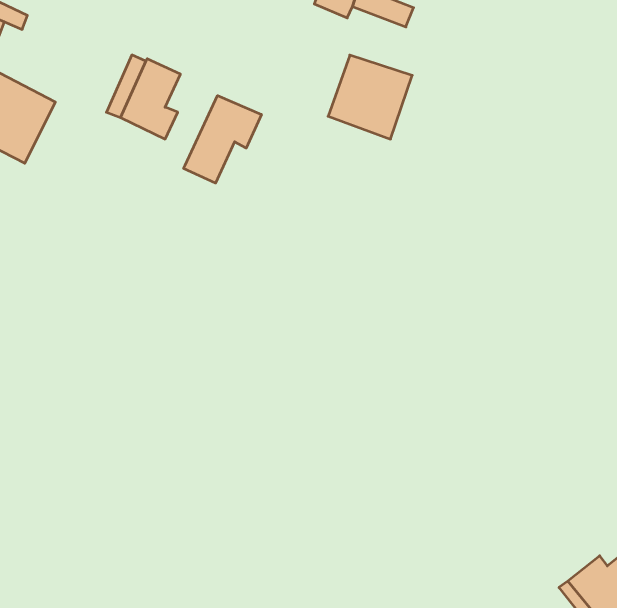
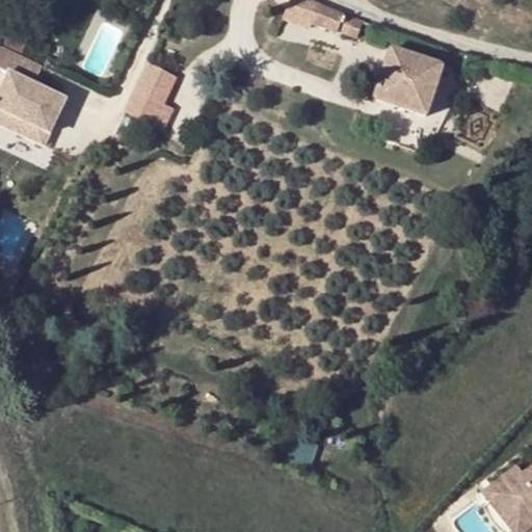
building: [328,55,412,139] -> [375,46,444,114]
building: [184,96,261,183] -> none

